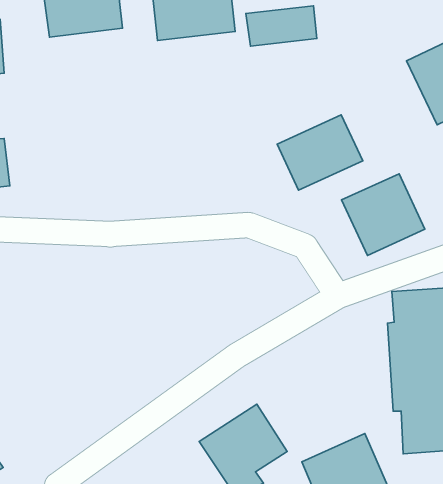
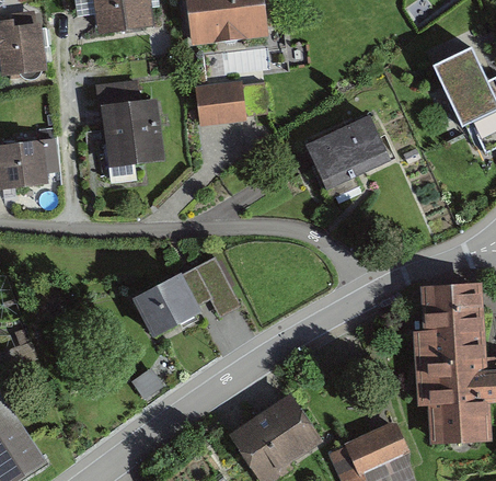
building: [246,6,317,46] -> [199,80,268,119]
building: none -> [99,79,160,180]
building: [342,174,425,256] -> none
building: none -> [130,256,244,340]

